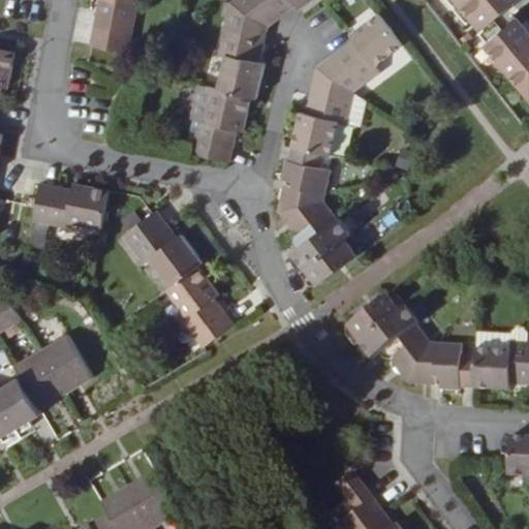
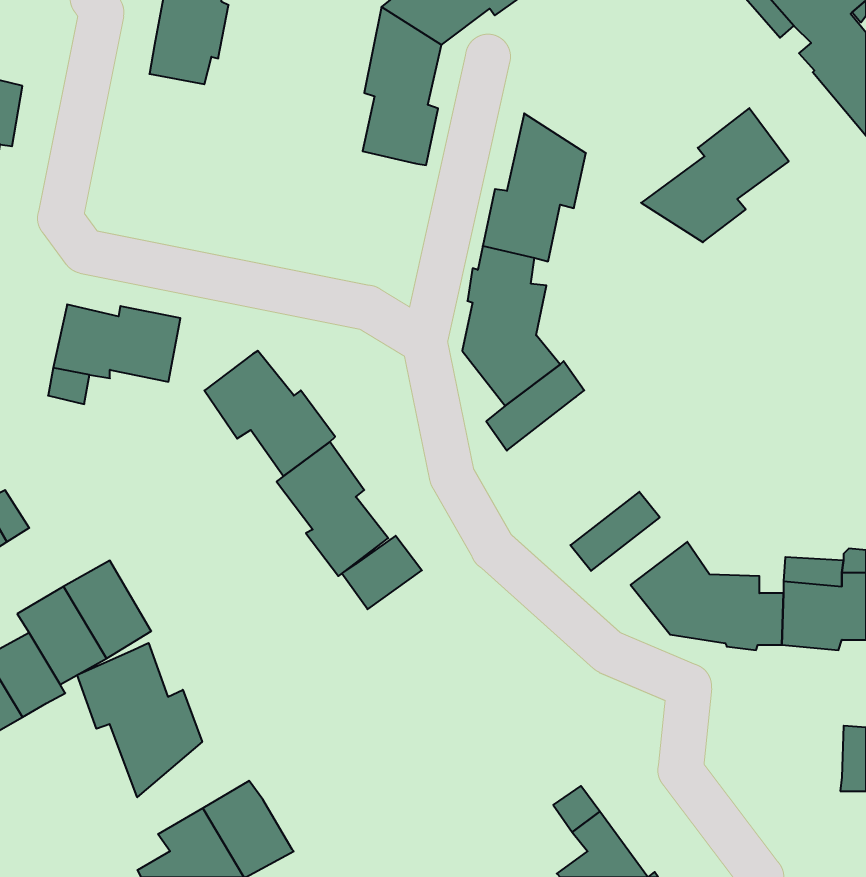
building: [315,11,404,92] -> [641,108,789,242]
building: [190,87,250,163] -> none
building: [305,239,359,286] -> none
building: [355,307,415,360] -> none
building: none -> [342,536,422,609]
building: none -> [77,643,202,797]

